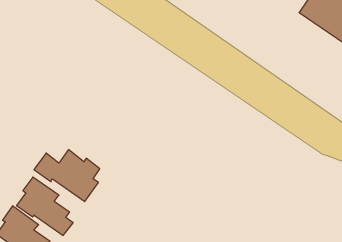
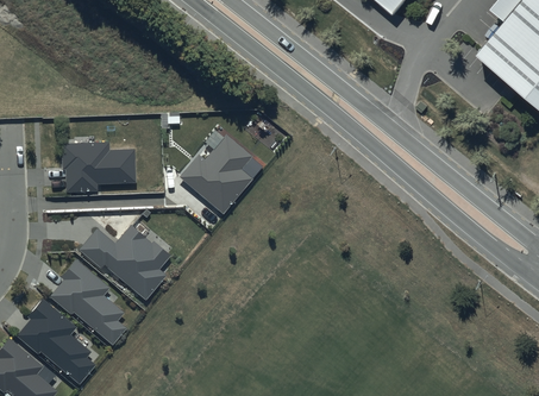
building: none -> [180,133,255,214]
building: none -> [61,142,136,191]

